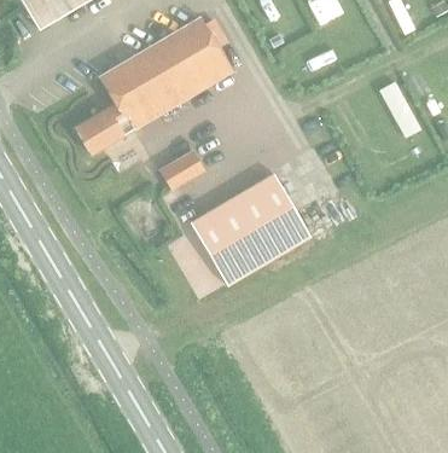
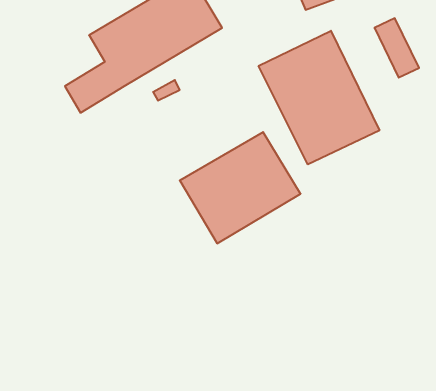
building: none -> [259,31,379,164]
building: [161,151,205,190] -> none

